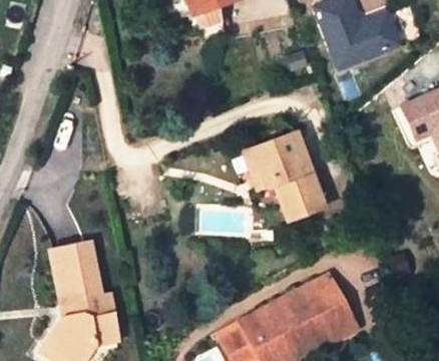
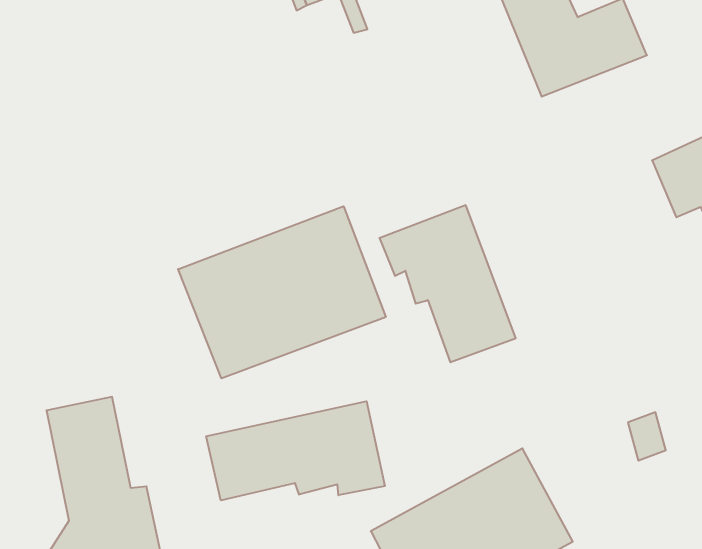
building: none -> [178,206,386,378]
building: none -> [206,401,385,500]

